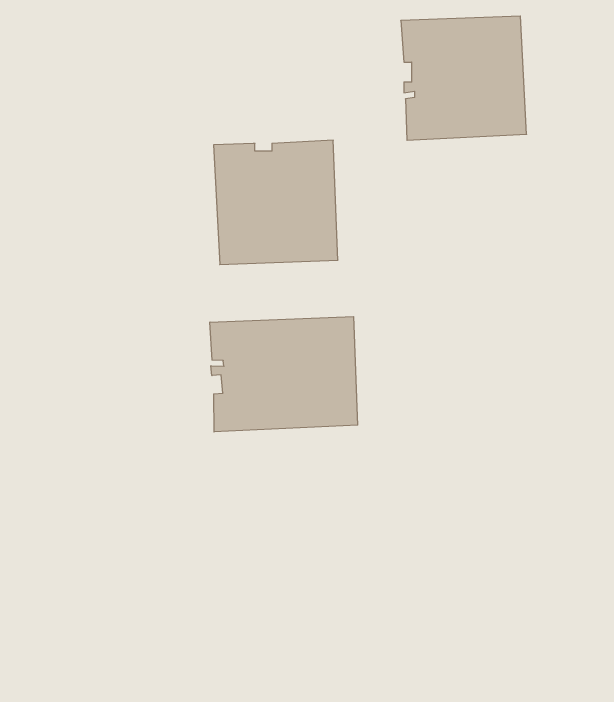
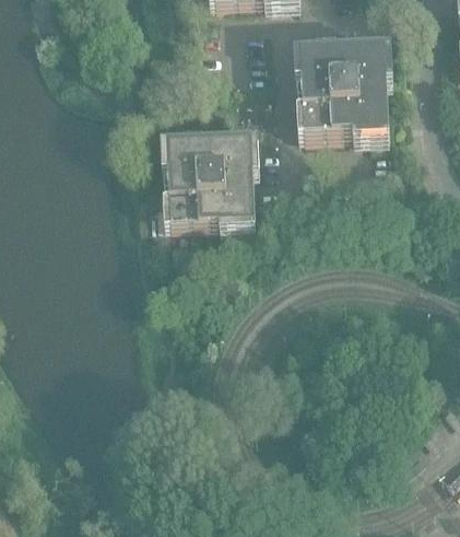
building: [210,317,358,432] -> none

